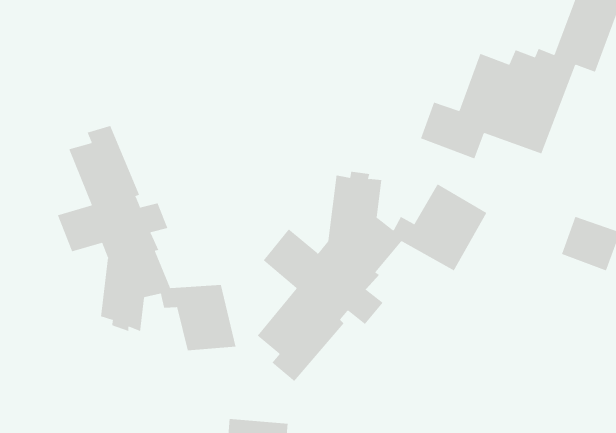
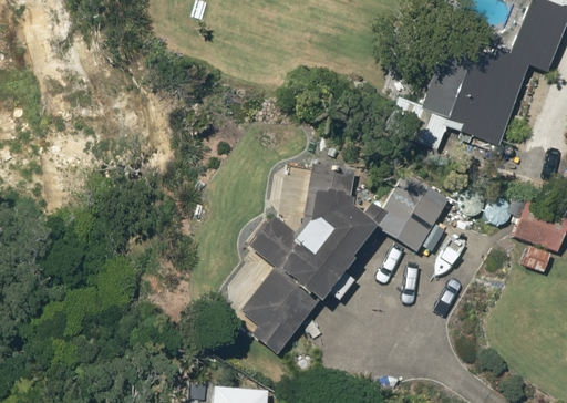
building: [57,125,236,351] -> none

